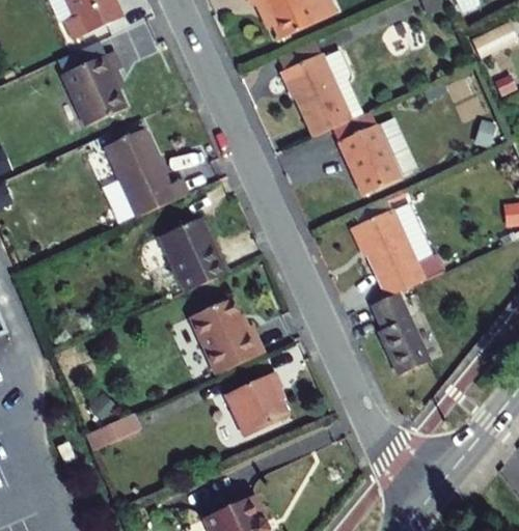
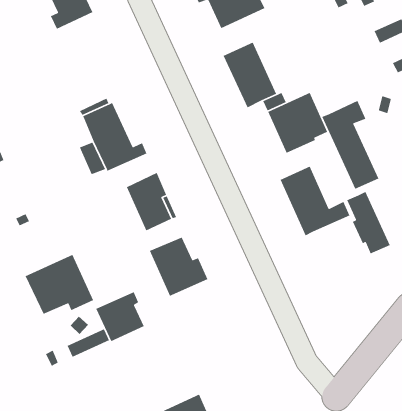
building: [61,50,125,124] -> none
building: none -> [321,100,379,190]
building: [371,292,427,372] -> [346,191,391,254]
building: none -> [25,254,94,315]
building: [224,371,286,436] -> [95,291,145,342]

